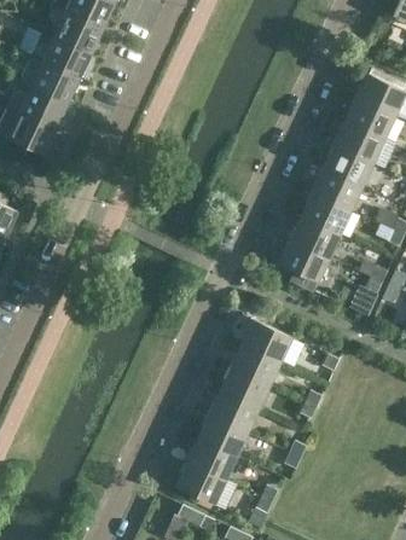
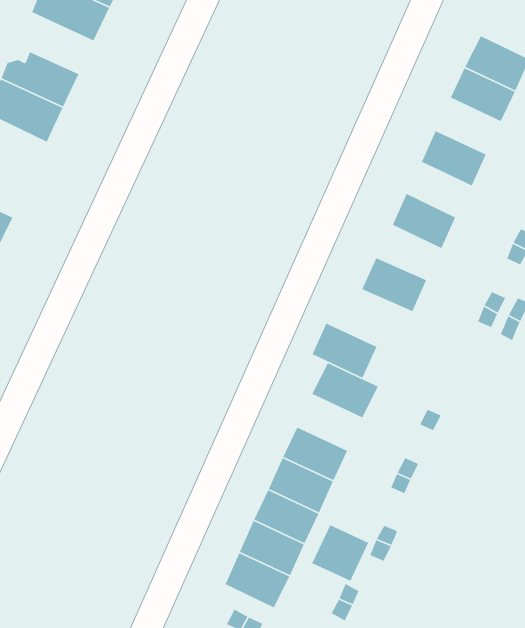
building: [19,58,79,104] -> none
building: [335,122,384,164] -> none
building: [313,170,362,211] -> none
building: [290,217,340,259] -> none
building: [231,344,280,387] -> [311,322,377,379]
building: none -> [311,524,369,582]

